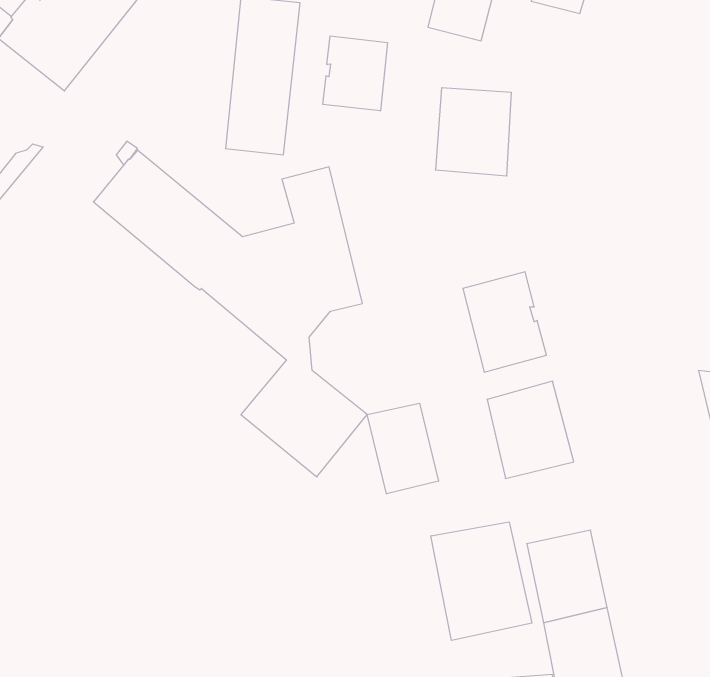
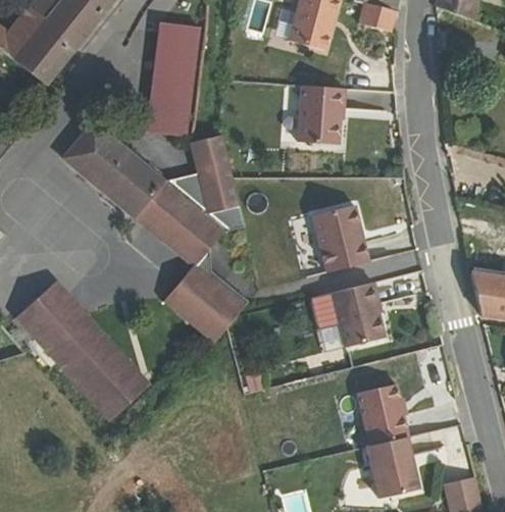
building: [323,36,387,111] -> none
building: none -> [11,277,152,422]
building: [367,403,438,494] -> none
building: [431,522,532,640] -> none

